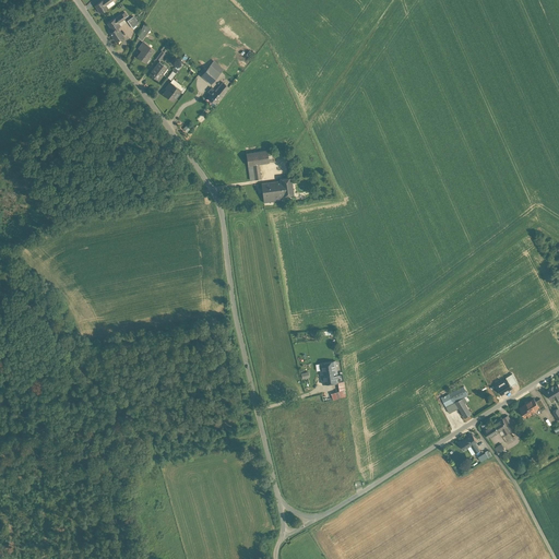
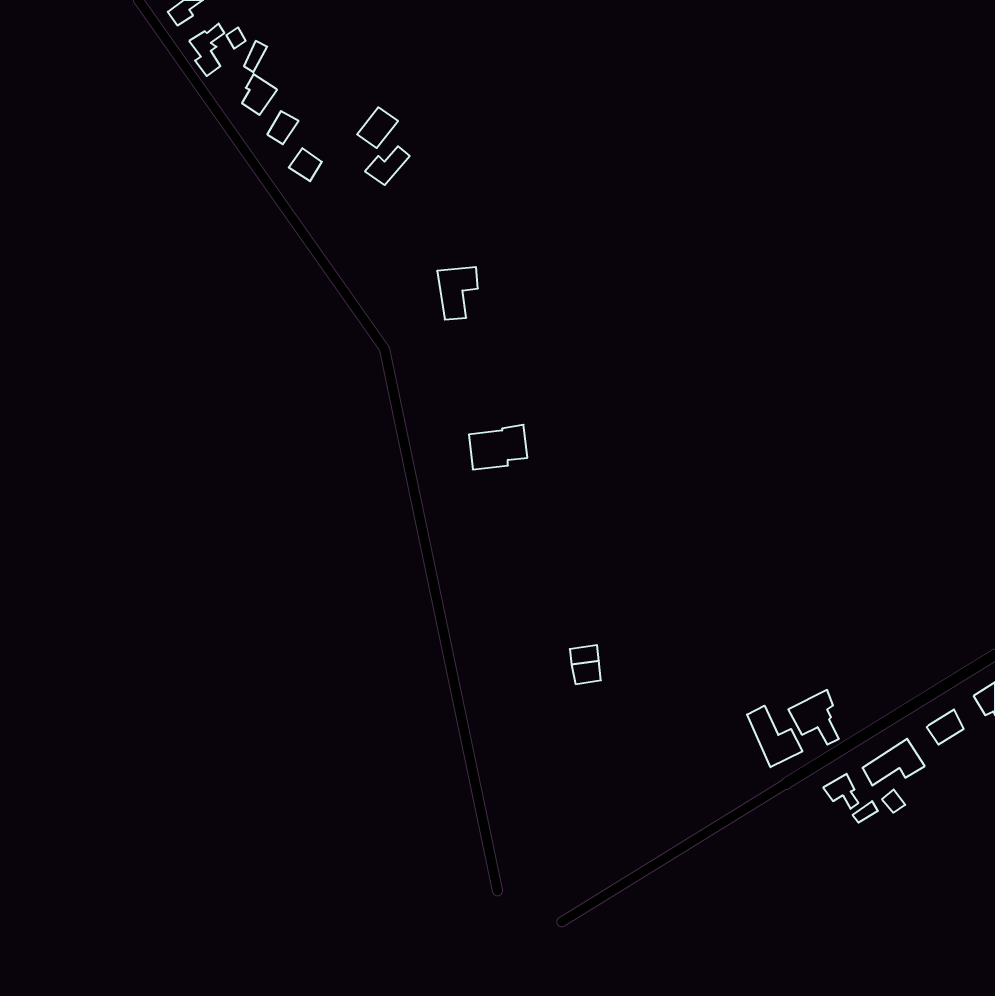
building: [261,177,294,202] -> [469,425,527,469]
building: none -> [747,706,802,767]

